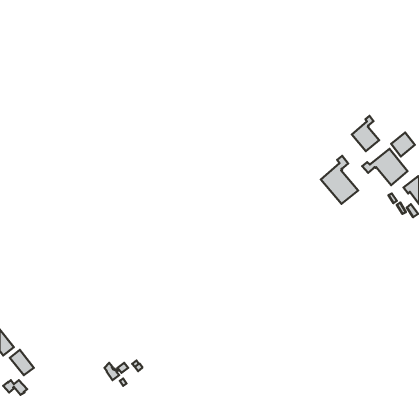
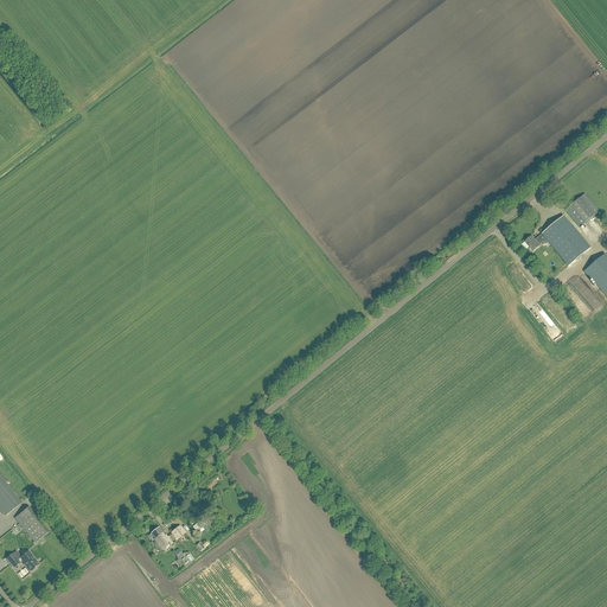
building: [352,116,379,151] -> none
building: [321,156,358,204] -> none

